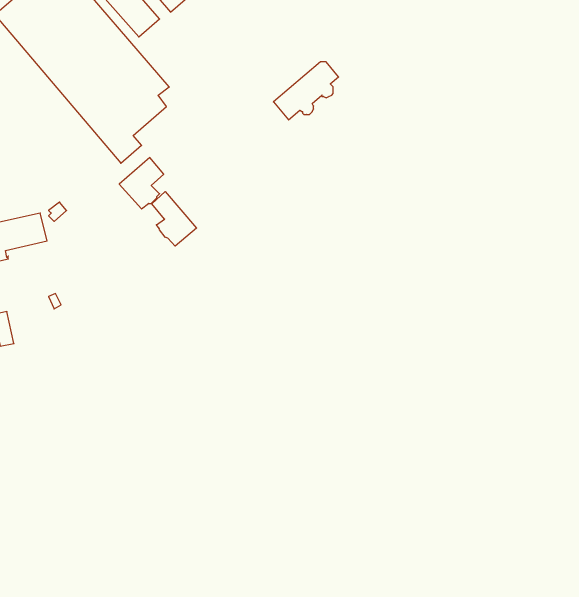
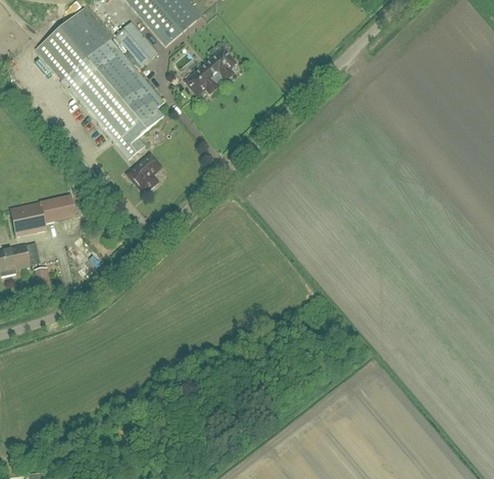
building: [273,62,339,120] -> [187,50,235,93]
building: [152,192,197,246] -> none

